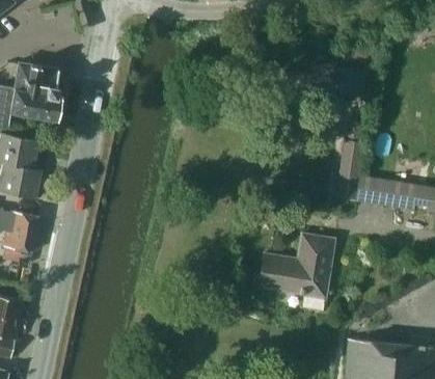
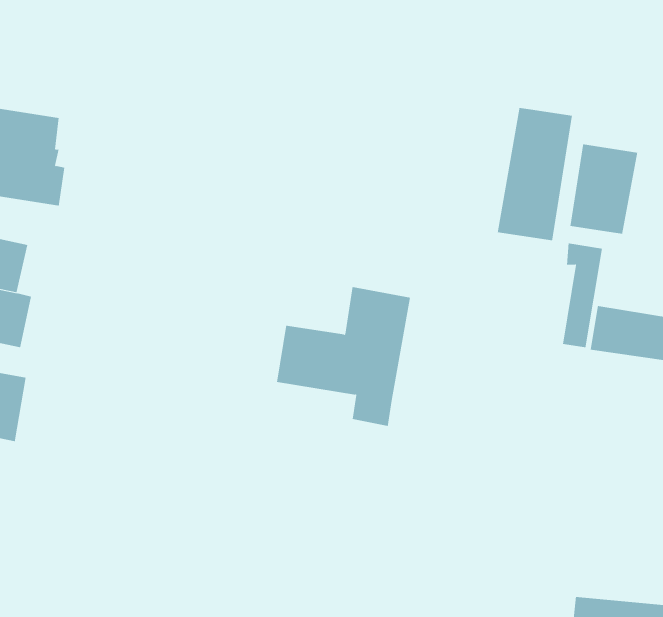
building: none -> [497,107,573,241]
building: none -> [570,144,638,234]
building: [257,233,333,312] -> [276,286,411,426]

